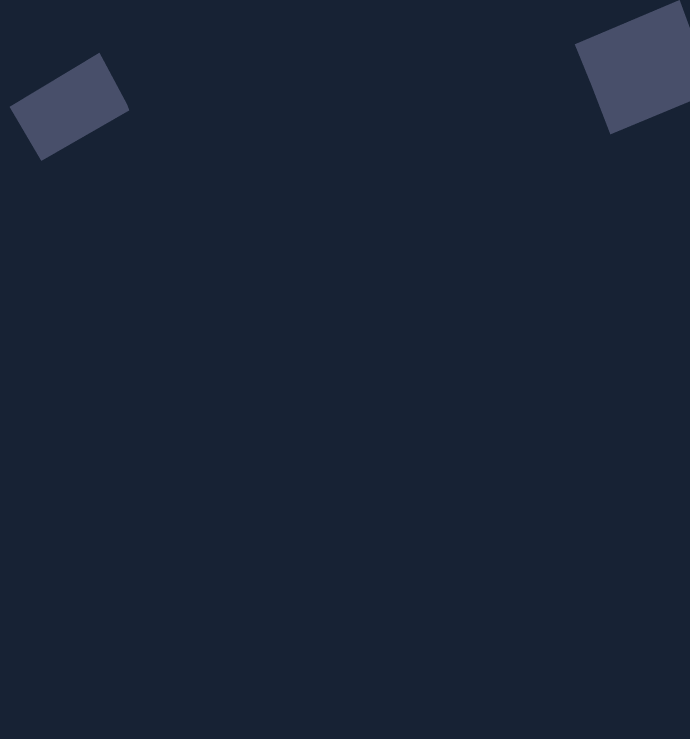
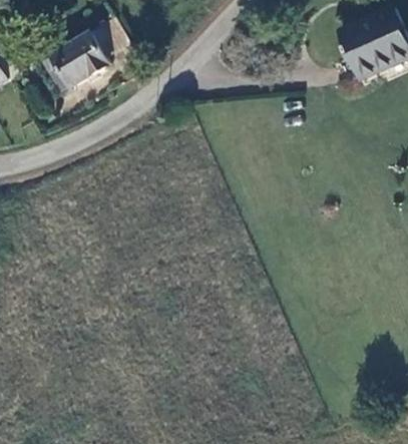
building: none -> [87,21,126,64]

